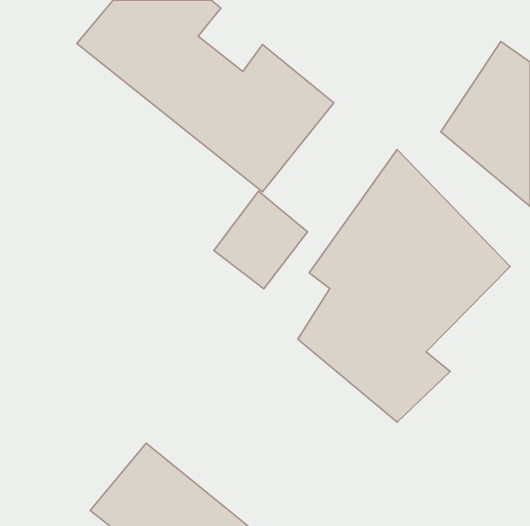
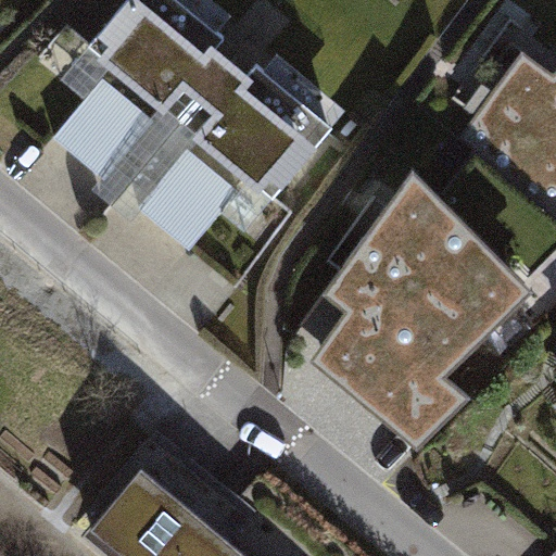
building: none -> [53,83,150,180]
building: [214,191,307,289] -> [138,150,236,252]

